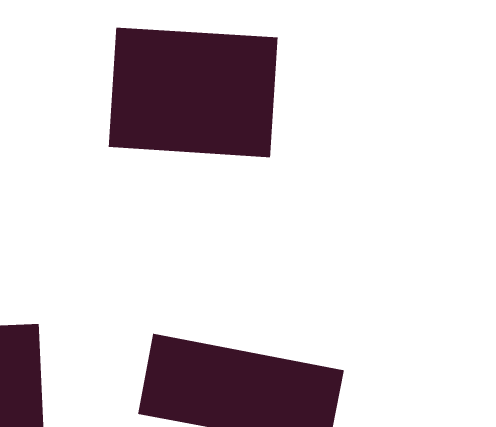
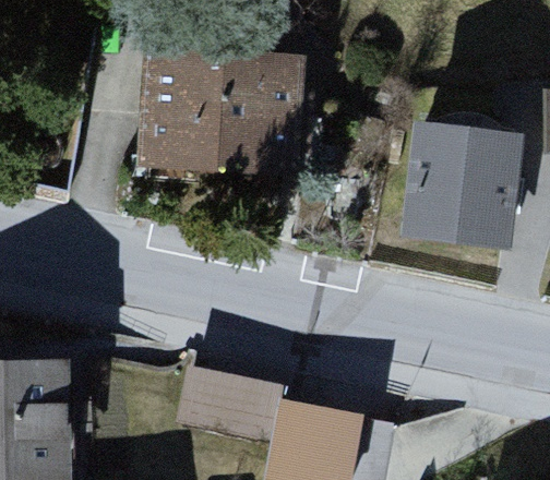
building: none -> [398,127,521,254]

